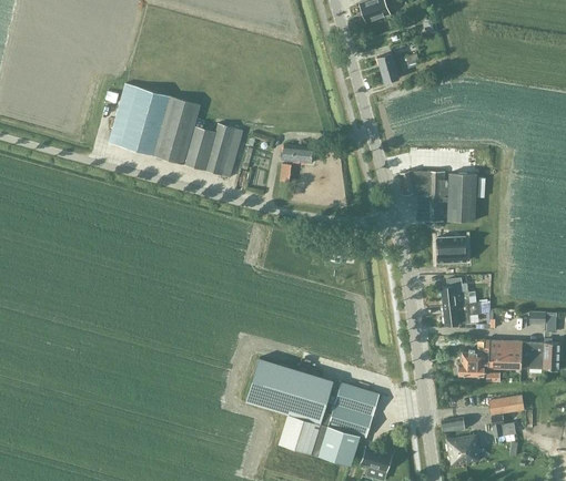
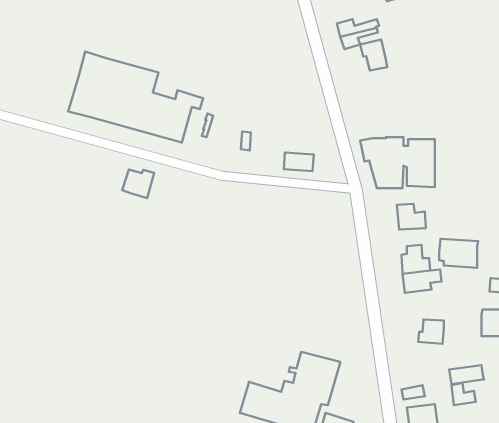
building: none -> [360,39,387,71]
building: [283,145,313,164] -> [284,152,314,171]
building: none -> [122,170,154,198]
building: [483,339,522,368] -> [439,239,478,268]
building: [246,359,334,423] -> none

